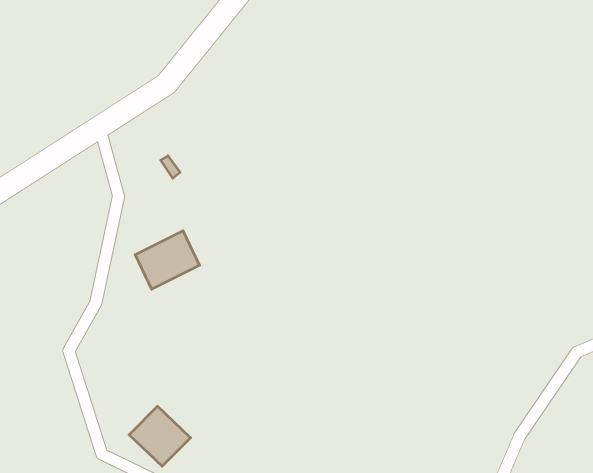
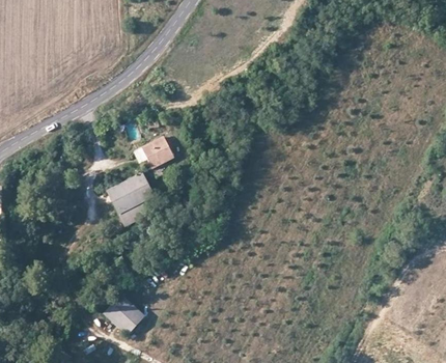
building: none -> [142,136,173,166]

